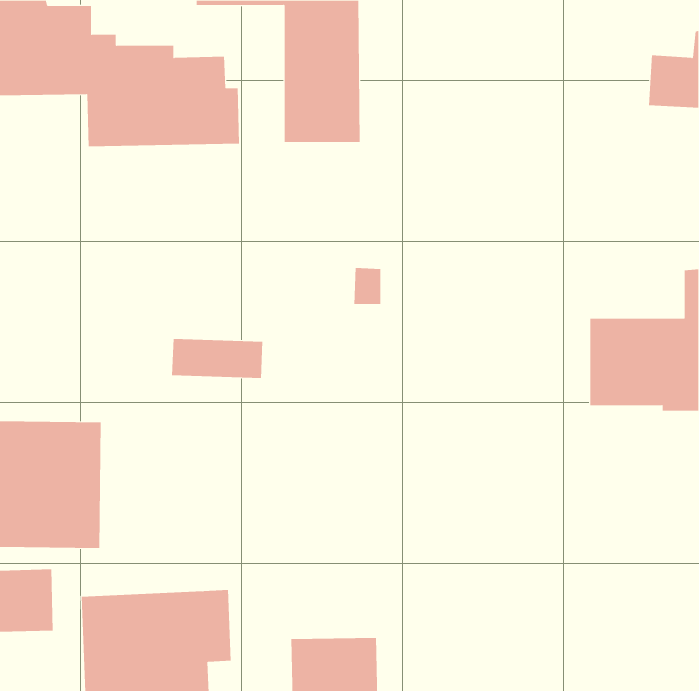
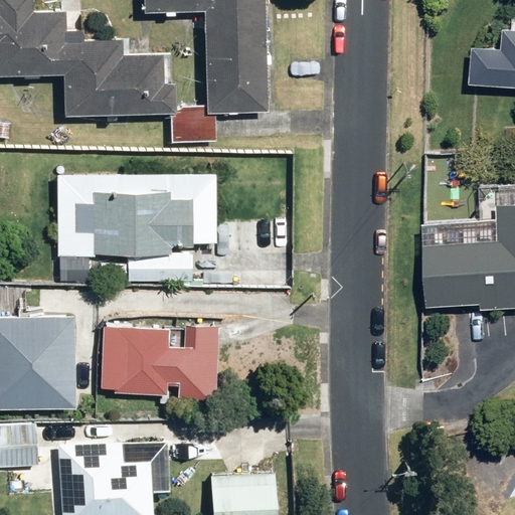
building: none -> [171,107,217,146]
building: none -> [57,173,216,261]
building: none -> [101,325,220,402]

